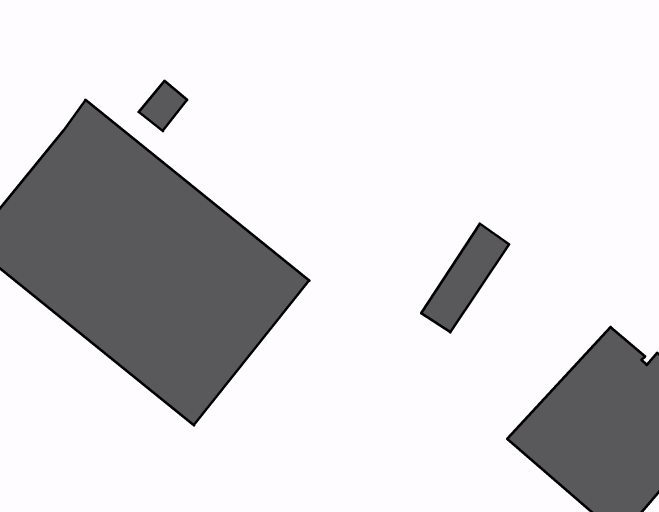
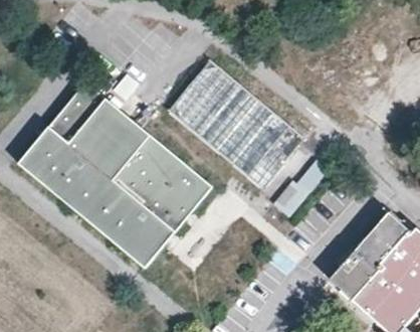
building: none -> [166,57,303,186]

